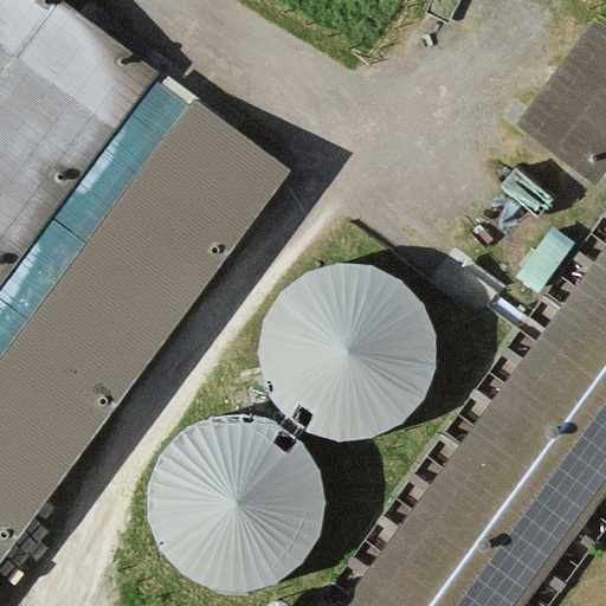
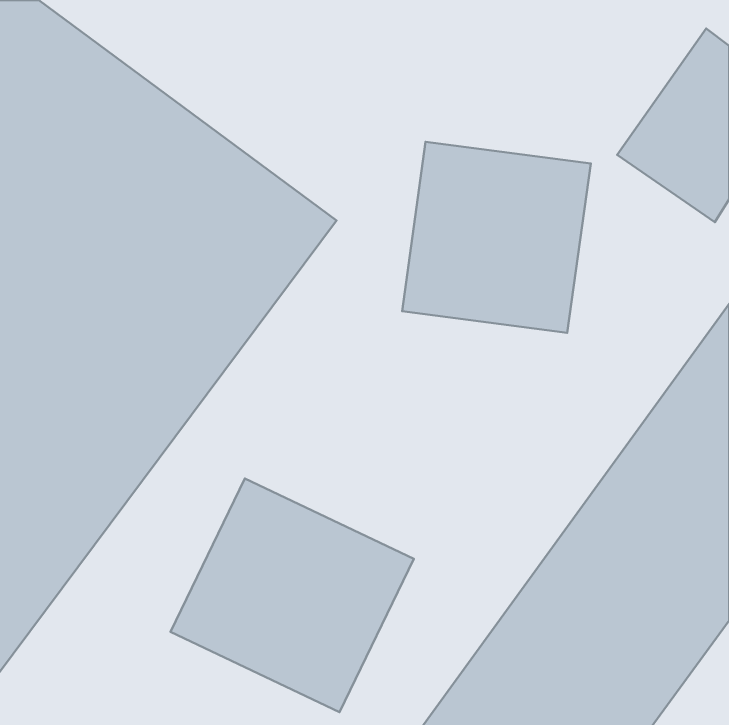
building: none -> [402,142,591,333]
building: [262,258,434,425] -> none

